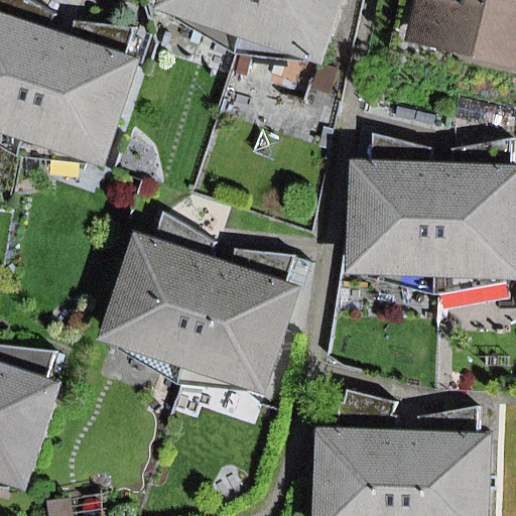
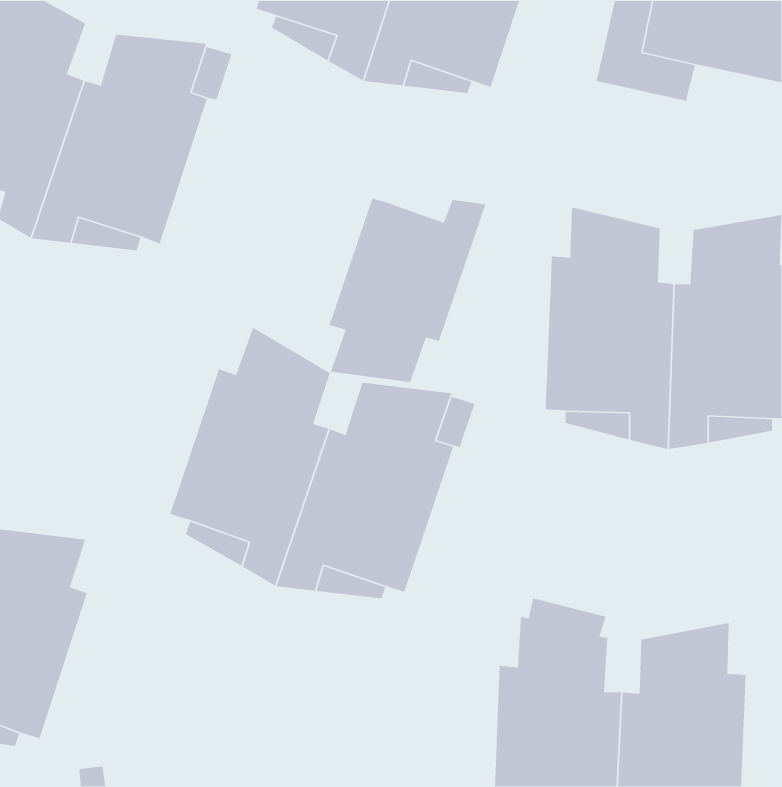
building: none -> [329,197,487,383]

